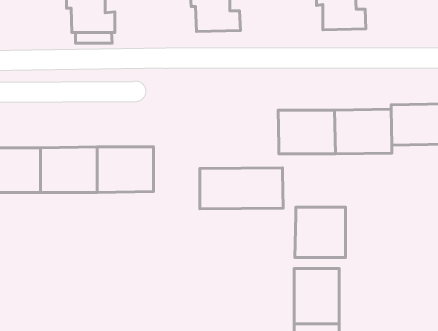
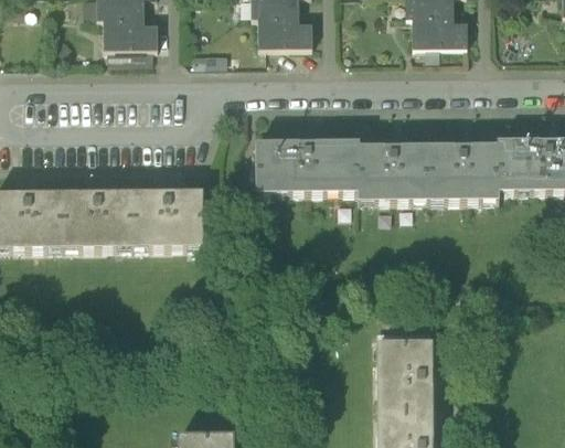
building: [200,168,283,209] -> [256,139,359,190]
building: [295,207,345,257] -> none

